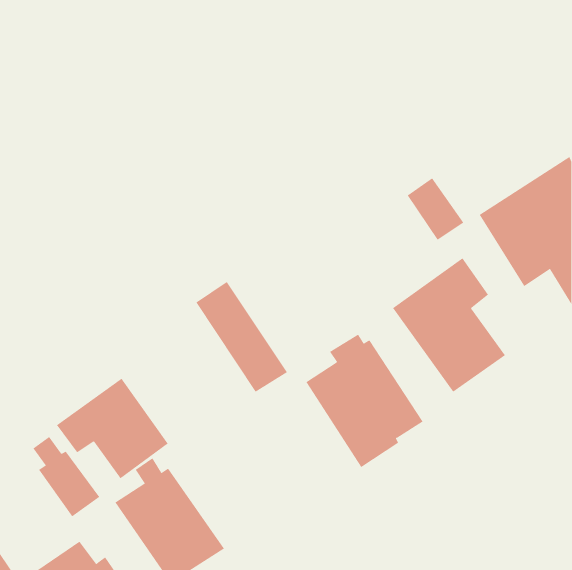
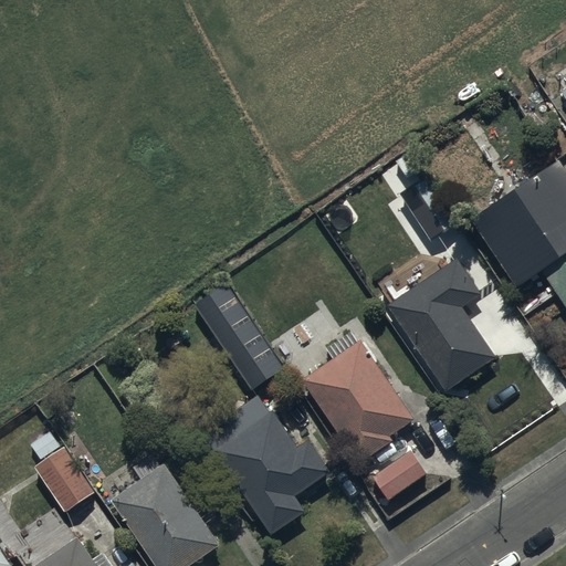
building: [56,378,168,479] -> none
building: none -> [206,410,329,536]
building: none -> [367,448,429,504]

